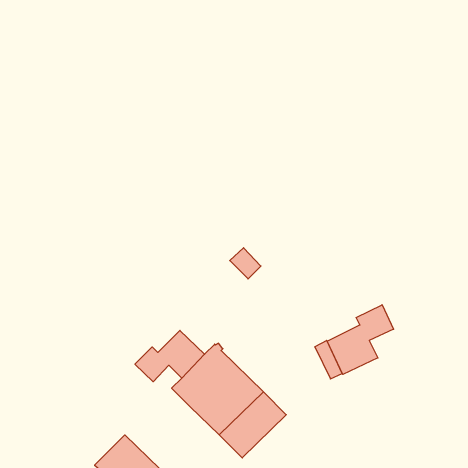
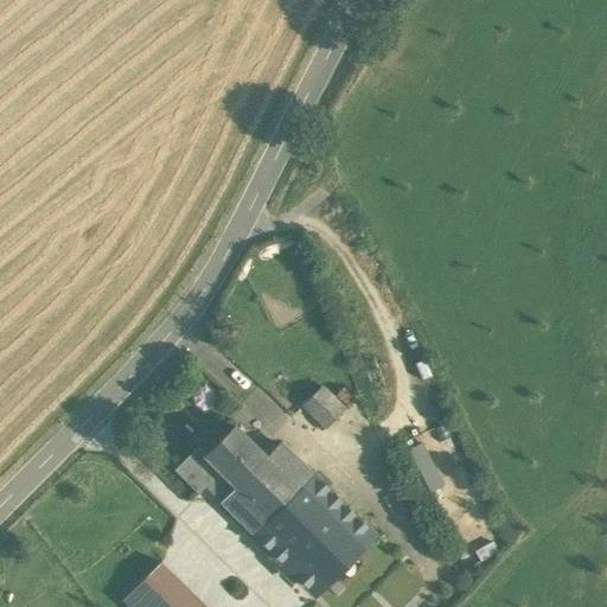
building: [230,248,261,279] -> [304,389,344,429]
building: [327,305,394,374] -> none

